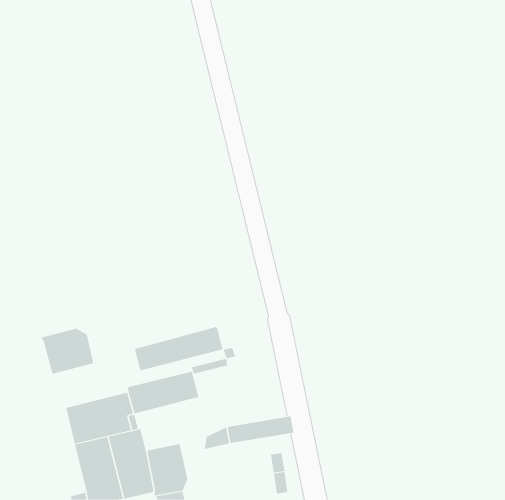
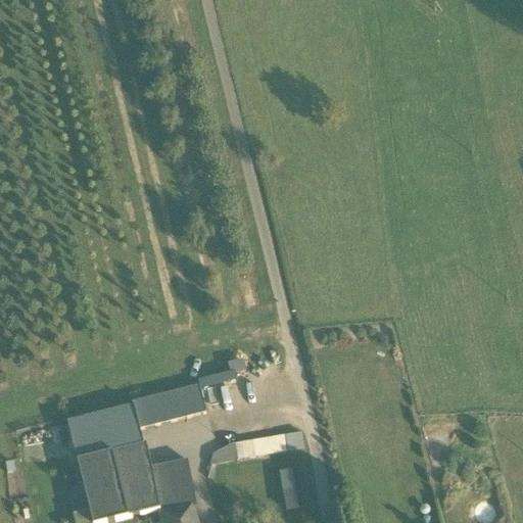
building: [134,326,223,371] -> none
building: [41,328,94,374] -> none

